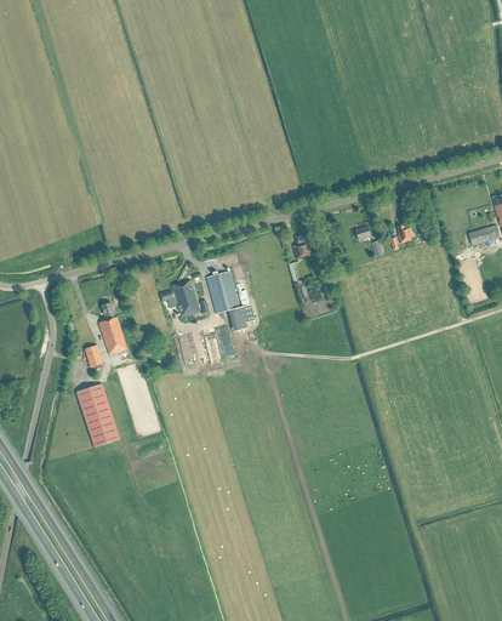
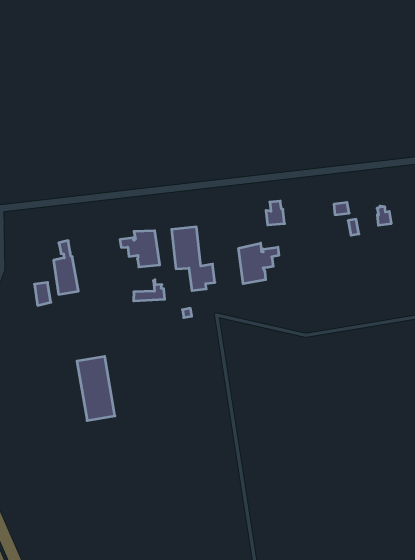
building: none -> [239,243,279,284]
building: [76,383,120,446] -> [77,356,115,421]

